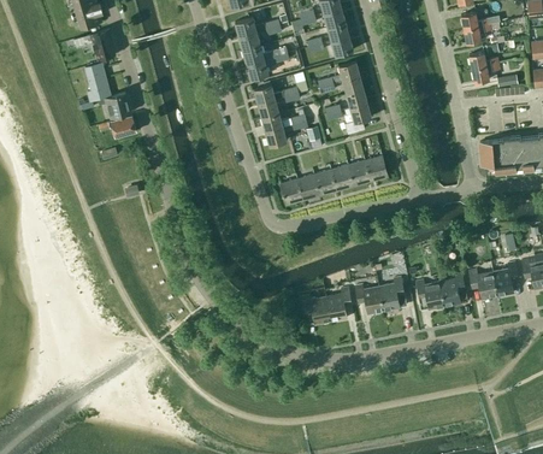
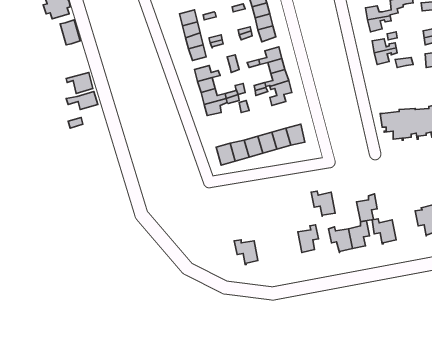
building: [84,63,110,101] -> none
building: [492,261,518,295] -> [356,194,377,222]
building: [354,284,383,314] -> [311,191,335,216]
building: [325,287,350,320] -> none

